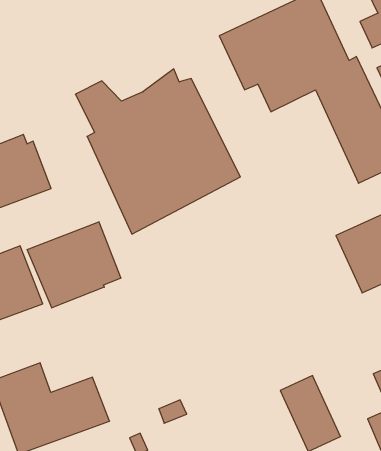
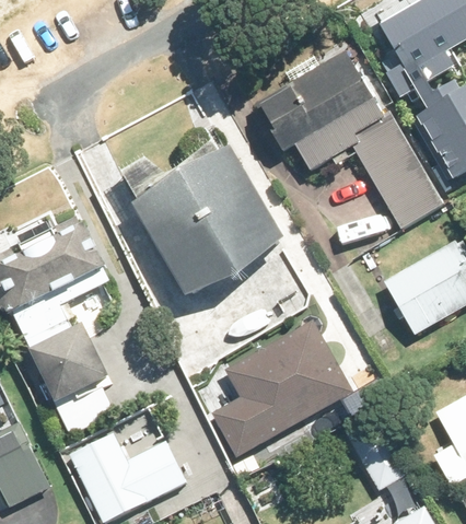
building: [27,222,121,308] -> none
building: none -> [211,323,351,458]

